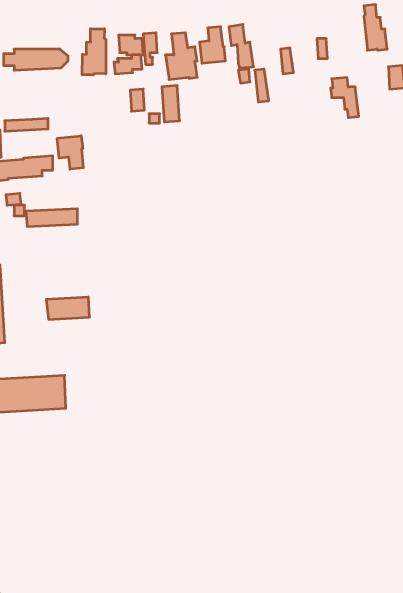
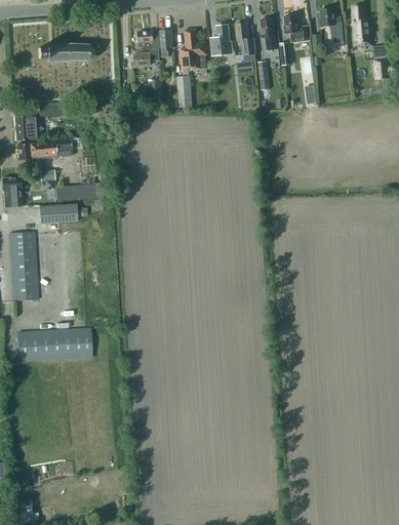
building: none -> [285,14,309,42]
building: none -> [260,17,278,51]
building: [82,29,106,75] -> none
building: [331,78,359,118] -> [320,8,345,43]
building: [57,136,83,169] -> none
building: [46,297,90,319] -> [39,204,77,224]

